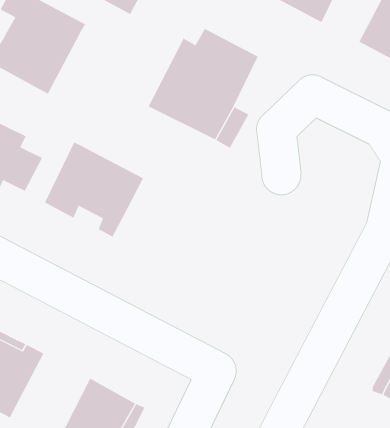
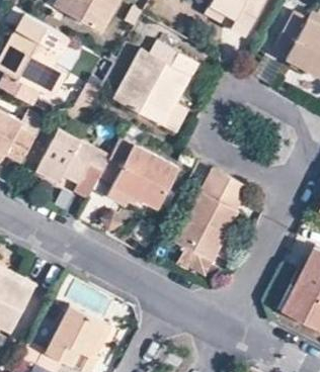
building: none -> [99,137,176,208]
building: none -> [174,169,248,277]

